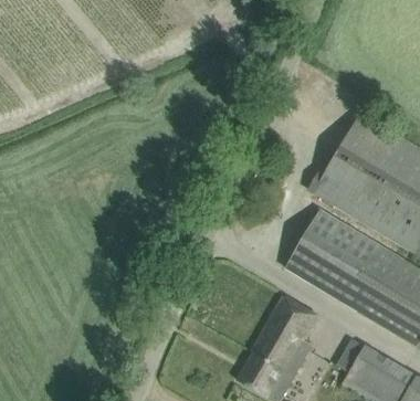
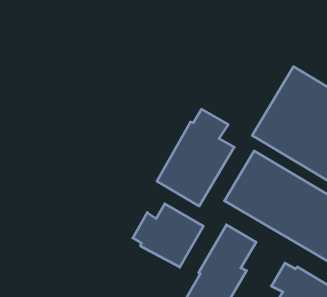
building: none -> [157,109,234,206]
building: none -> [133,204,203,267]

